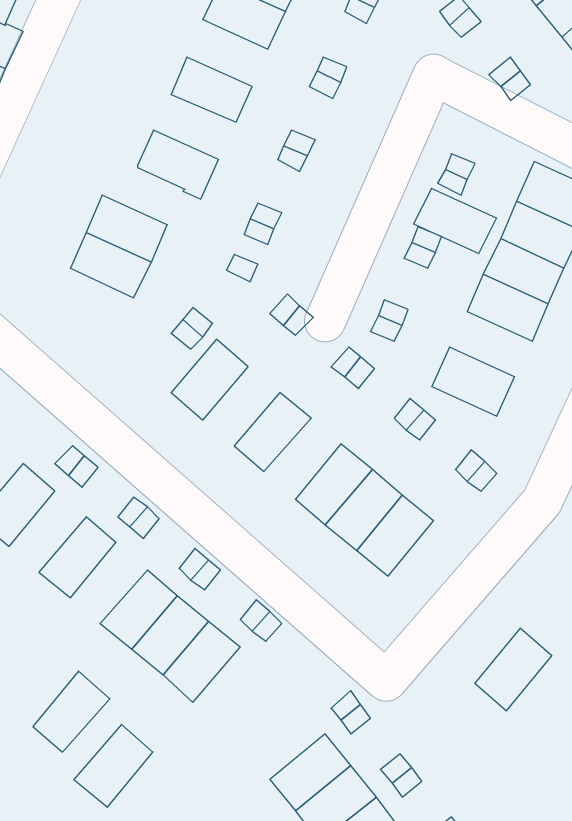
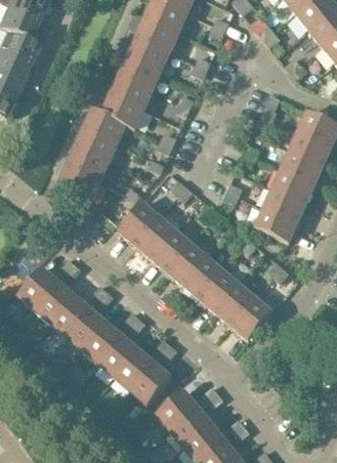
building: none -> [127,37,169,72]
building: none -> [110,76,153,110]
building: none -> [83,109,126,143]
building: [414,188,497,254] -> [263,188,306,222]
building: none -> [57,166,99,202]
building: none -> [135,217,175,258]
building: none -> [167,244,207,286]
building: none -> [35,282,75,324]
building: [475,628,552,711] -> [231,297,271,340]
building: [33,671,110,752] -> [67,308,107,350]
building: none -> [156,390,199,431]
building: [74,724,153,807] -> [130,363,171,406]

